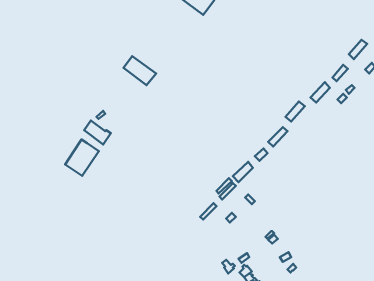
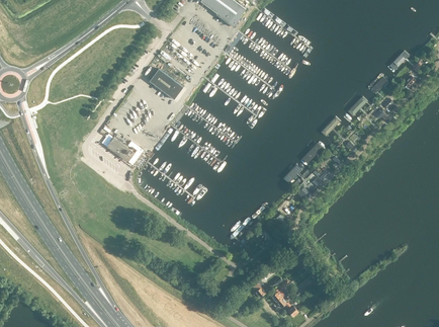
building: [65,140,99,176] -> none

